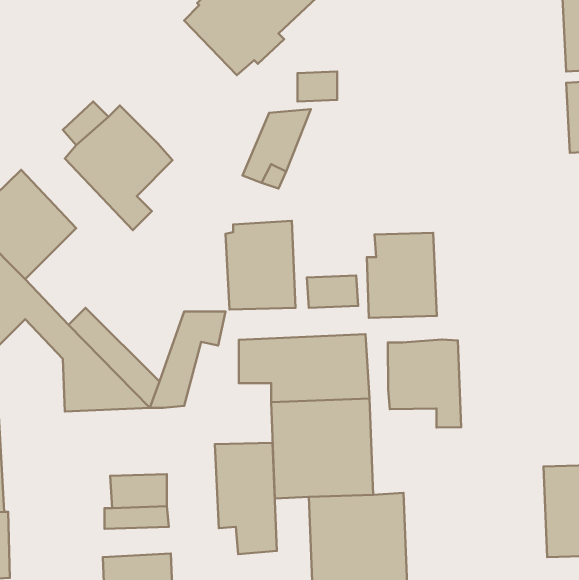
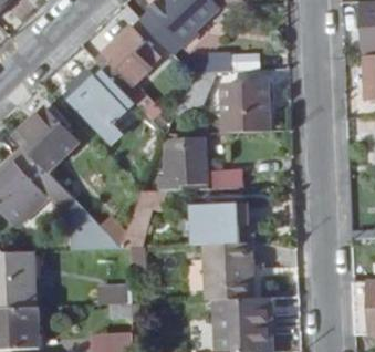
building: none -> [96,28,148,93]
building: [367,233,437,318] -> [229,83,270,133]
building: [388,340,461,427] -> none
building: [215,443,277,554] -> none

